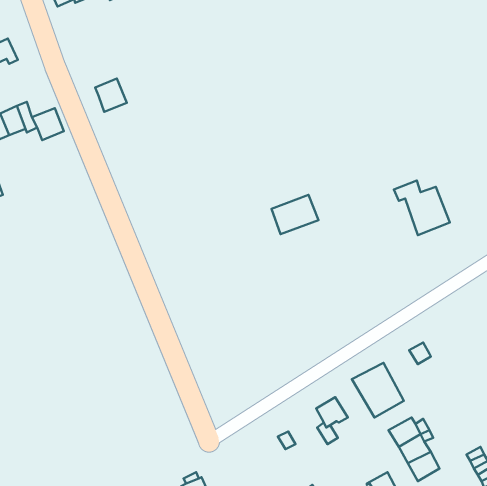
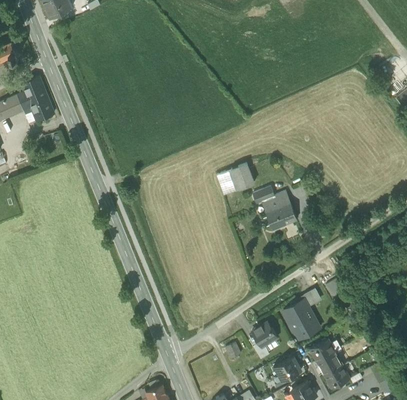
building: [95,79,127,112] -> [21,77,46,103]
building: [394,181,450,235] -> [252,188,296,231]
building: none -> [272,357,299,383]

